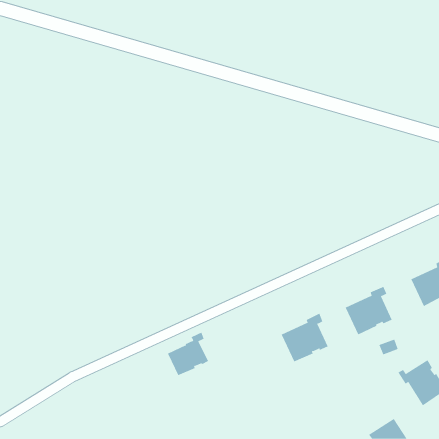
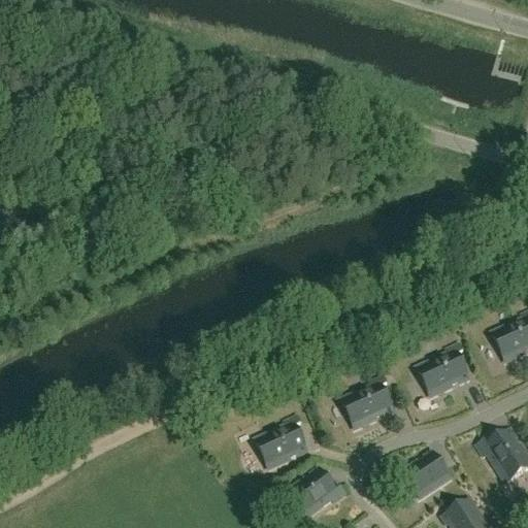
building: [167,332,209,376] -> [259,416,308,468]
building: none -> [401,450,454,501]
building: none -> [288,470,349,519]

